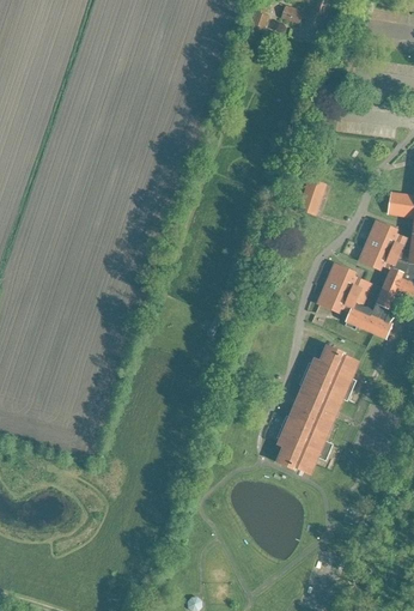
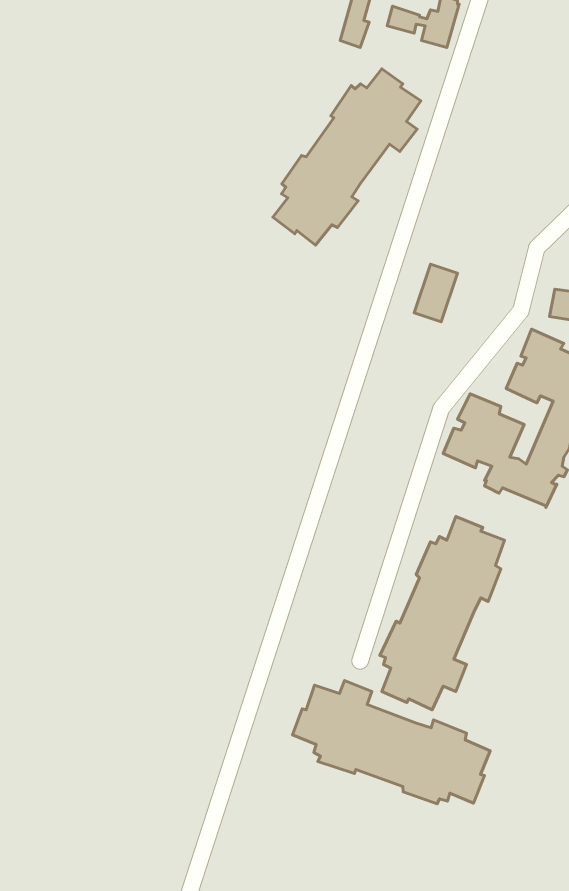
building: none -> [273,69,421,245]
building: none -> [293,680,490,804]

